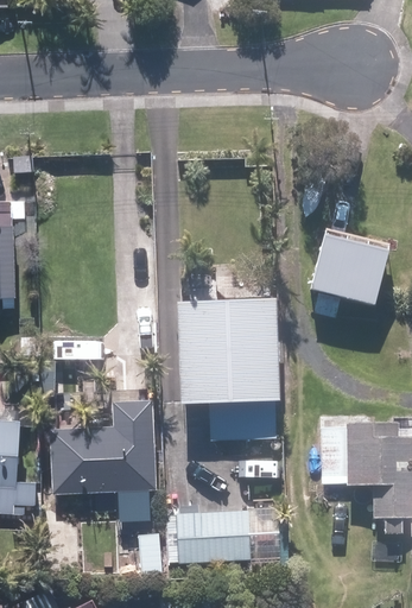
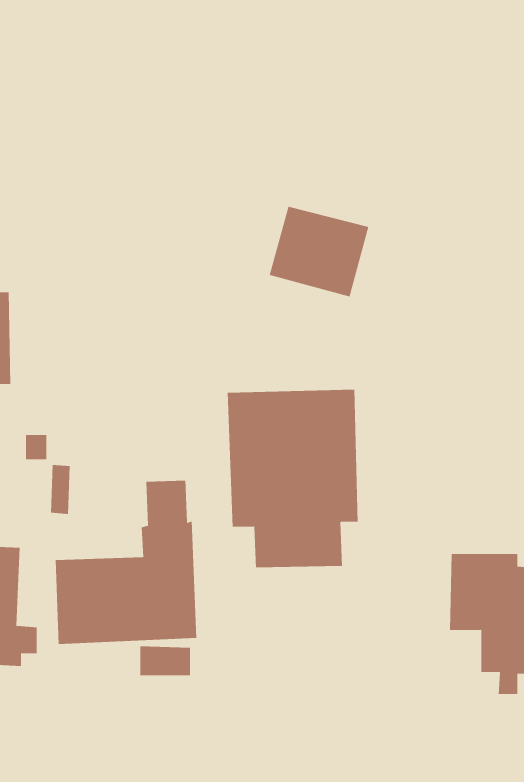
building: [309,236,385,305] -> [269,206,369,297]
building: [179,507,285,563] -> none

